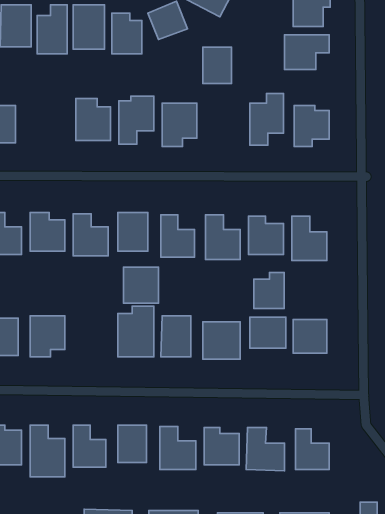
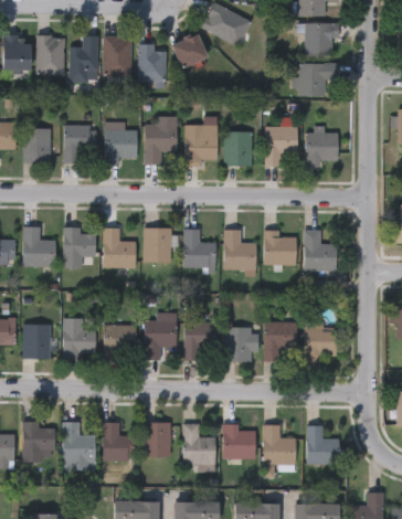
building: [203,47,231,83] -> [224,131,251,165]
building: none -> [64,125,95,162]
building: [124,267,158,303] -> [104,325,136,358]
building: [254,273,284,308] -> none

